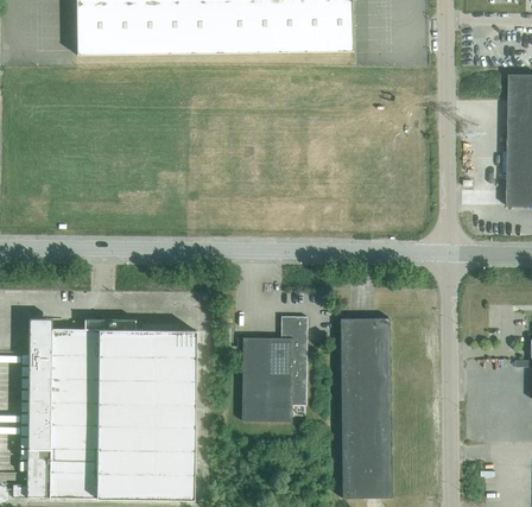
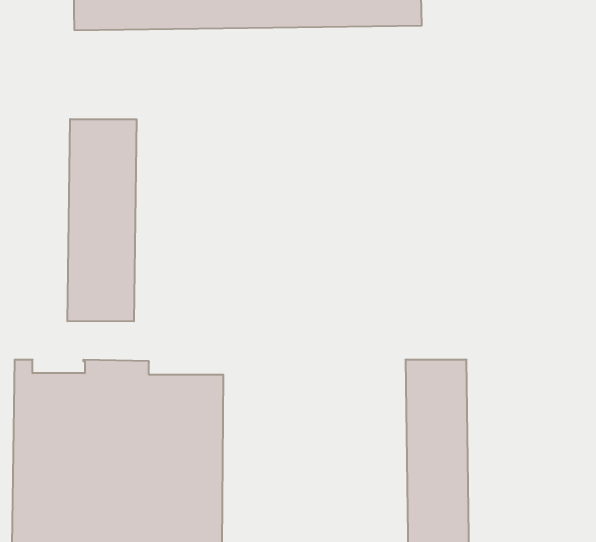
building: none -> [67,119,137,321]
building: [241,317,306,422] -> none

